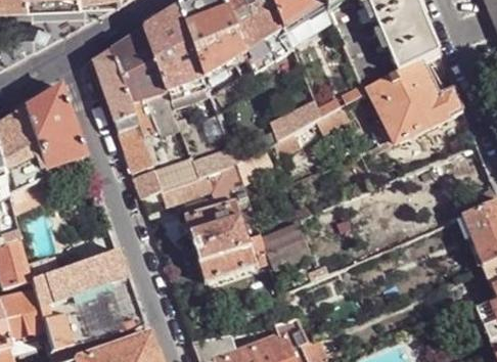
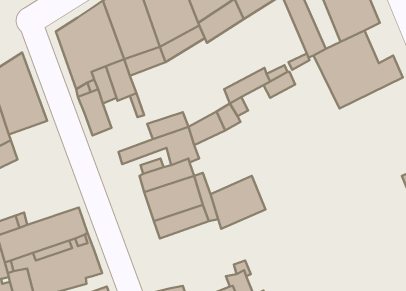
building: [133,154,196,196] -> none

